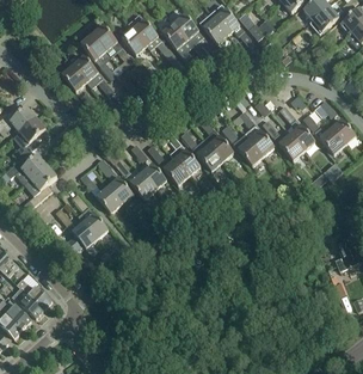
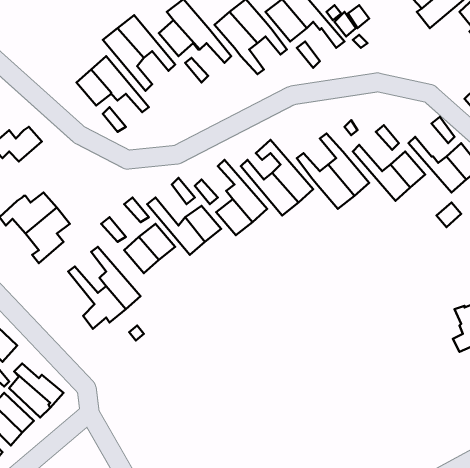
building: [12,117,45,160] -> none

